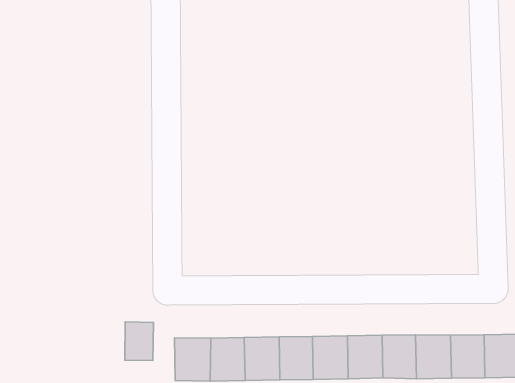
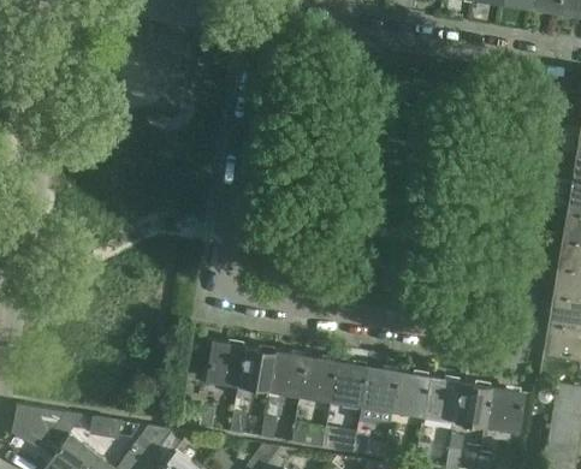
building: [125,322,153,361] -> none

